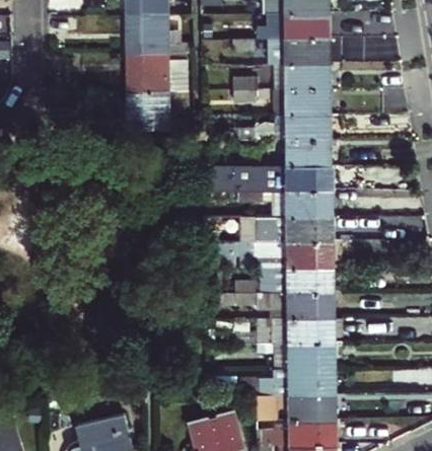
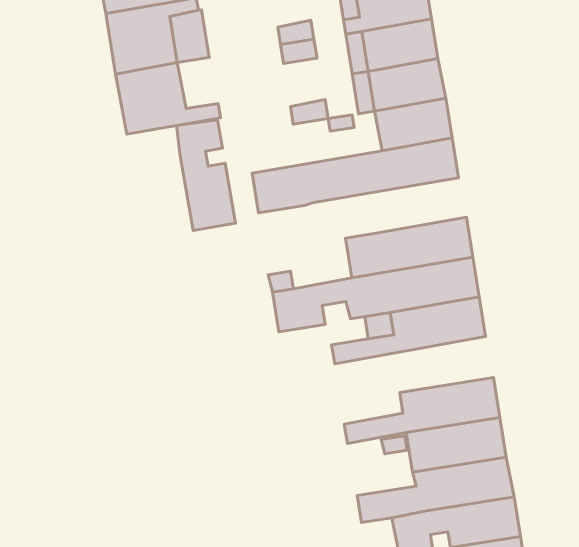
building: none -> [177,120,236,231]
building: [239,190,333,216] -> none
building: [227,291,334,317] -> none

